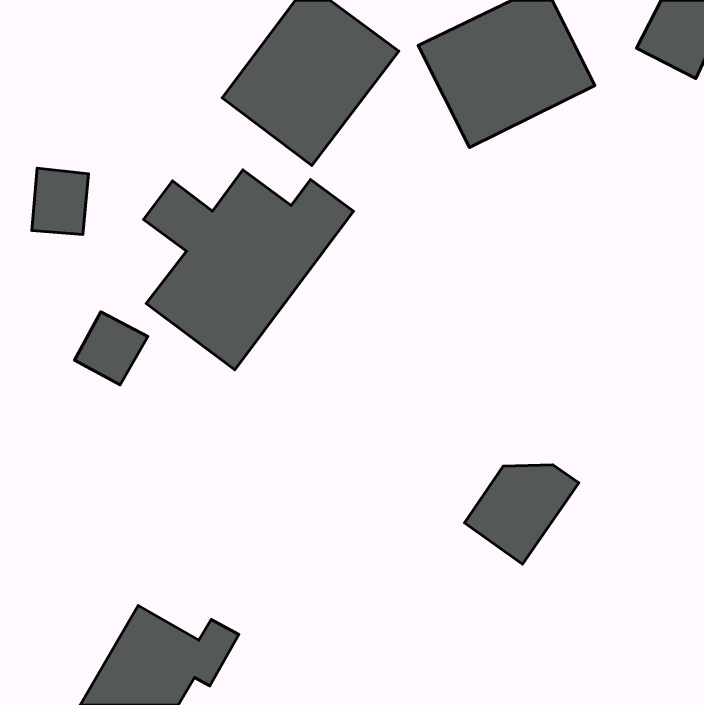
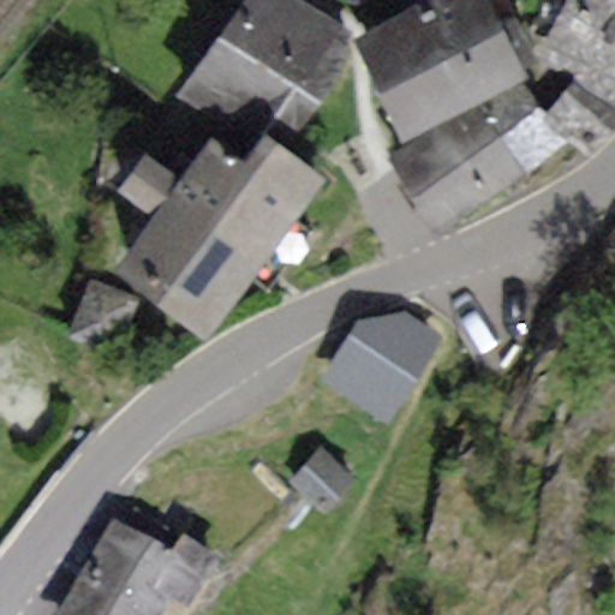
building: none -> [404,85,557,213]
building: [464,465,579,564] -> [335,321,435,407]

